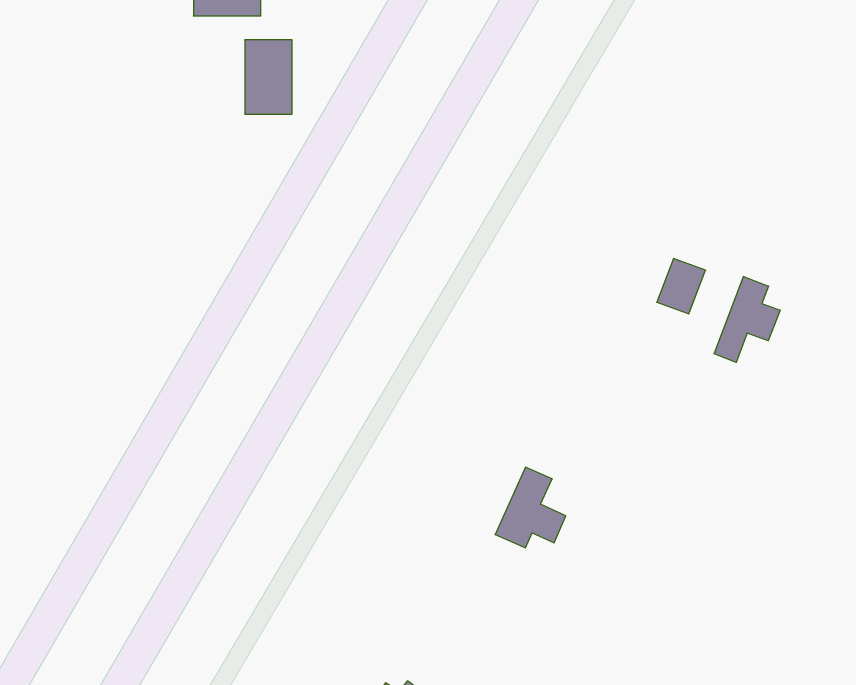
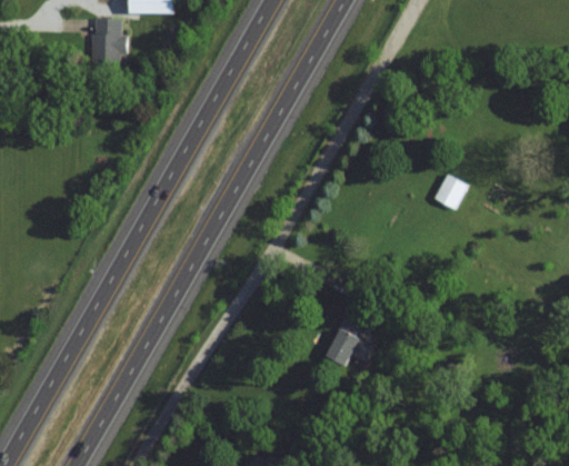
building: [245,40,292,114] -> [90,19,121,68]
building: [714,276,780,362] -> none

